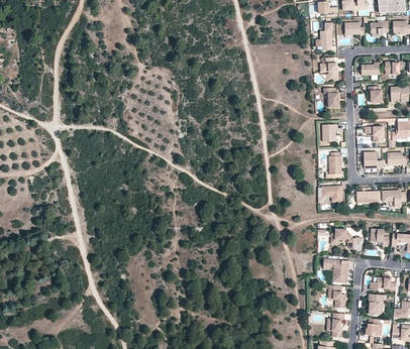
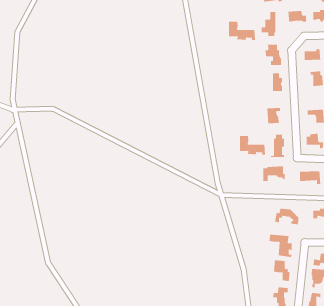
building: none -> [228,21,256,41]
building: none -> [239,135,266,155]

